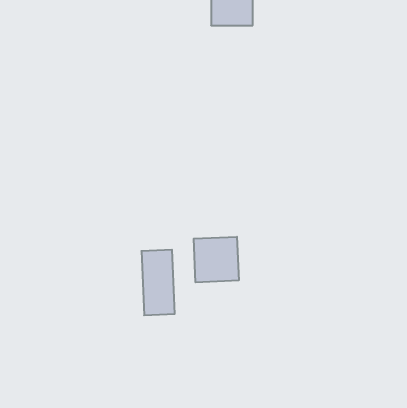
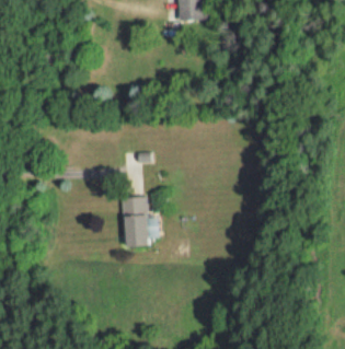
building: [194,237,239,282] -> none

